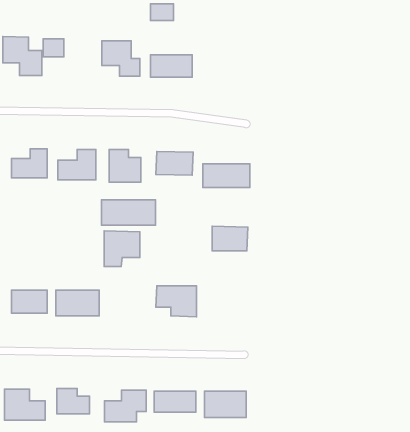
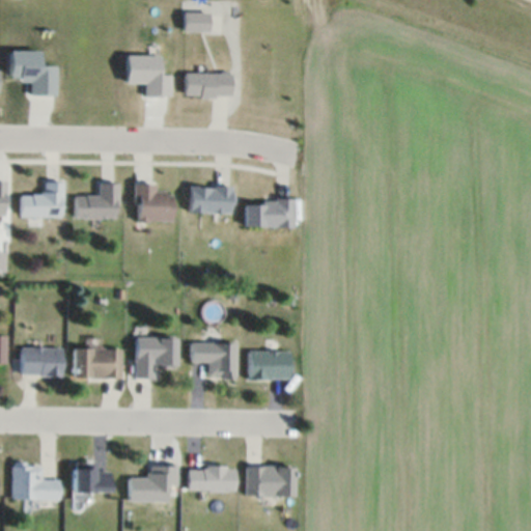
building: [43,39,64,57] -> none
building: [101,200,155,225] -> none
building: [212,226,248,251] -> [249,351,290,380]
building: [104,231,140,266] -> [136,337,177,379]

